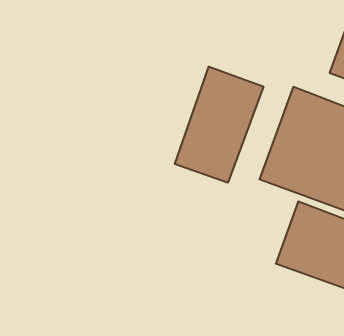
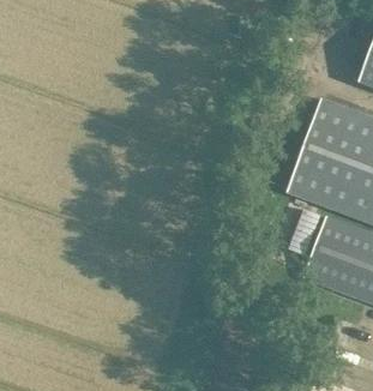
building: [175,67,263,183] -> none

